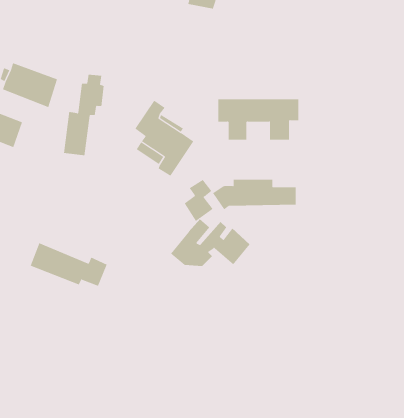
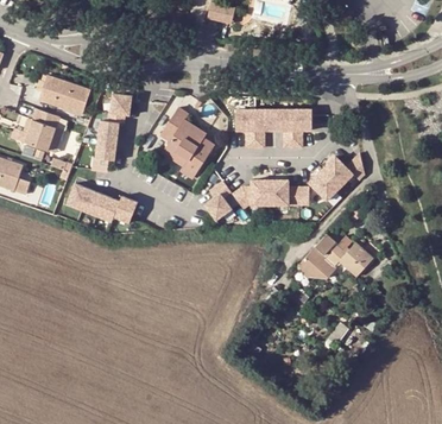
building: none -> [308,154,362,202]
building: [170,219,250,267] -> [298,234,372,278]
building: [30,242,108,286] -> [67,182,138,222]

